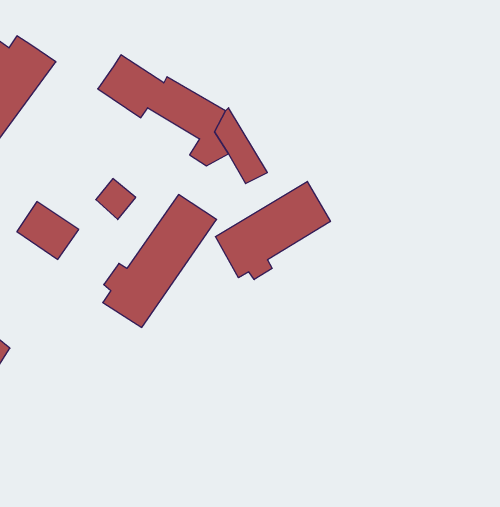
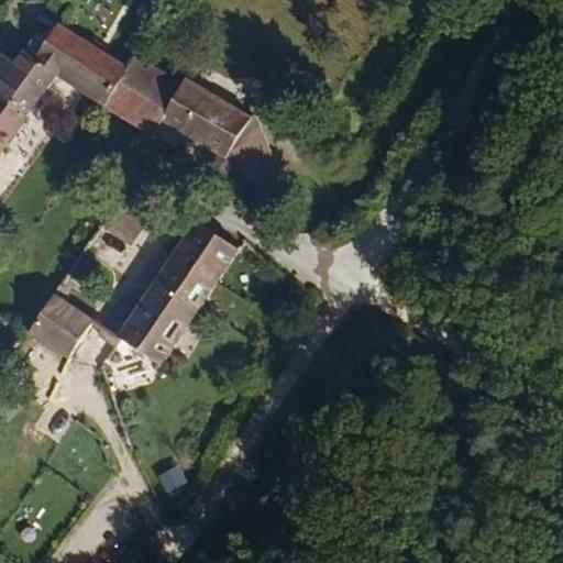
building: none -> [34,26,125,101]
building: [215,181,330,280] -> none
building: [17,202,79,259] -> [25,291,93,355]

